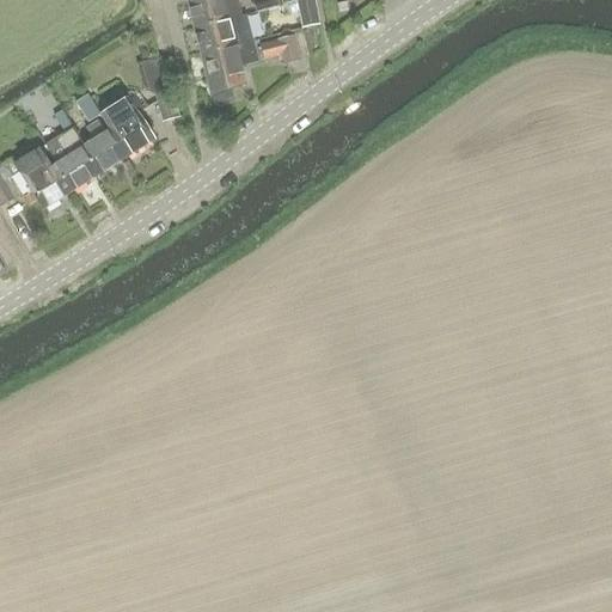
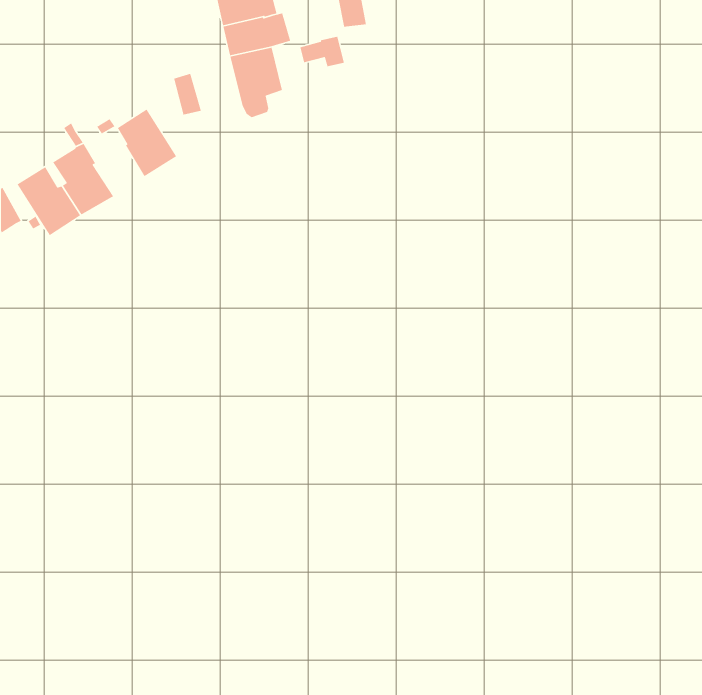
building: [81,117,126,171] -> none

